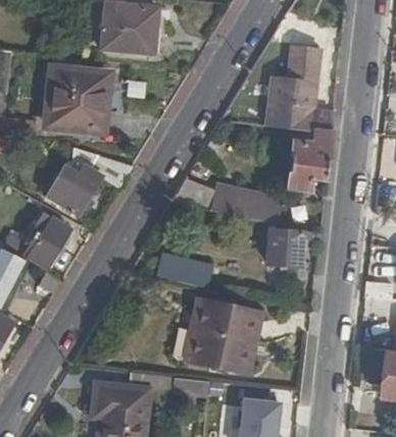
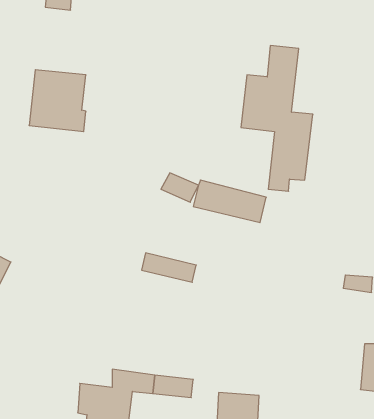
building: [103,7,160,60] -> none
building: [45,156,134,216] -> none
building: [26,219,69,269] -> none
building: [266,229,319,266] -> none
building: [180,302,260,374] -> none

